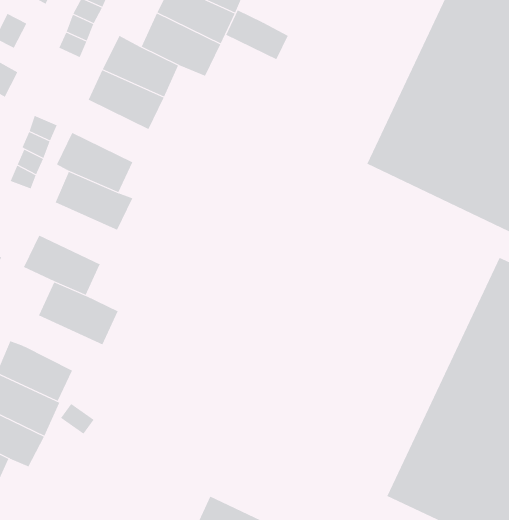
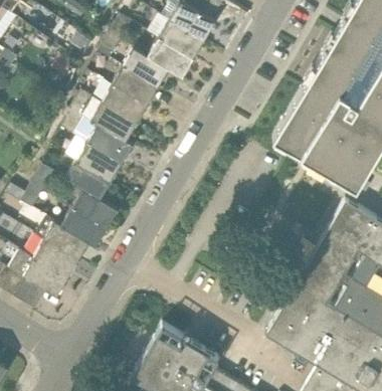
building: [225,9,289,61] -> none
building: none -> [102,83,147,123]
building: none -> [76,142,123,181]
building: none -> [61,207,108,246]

